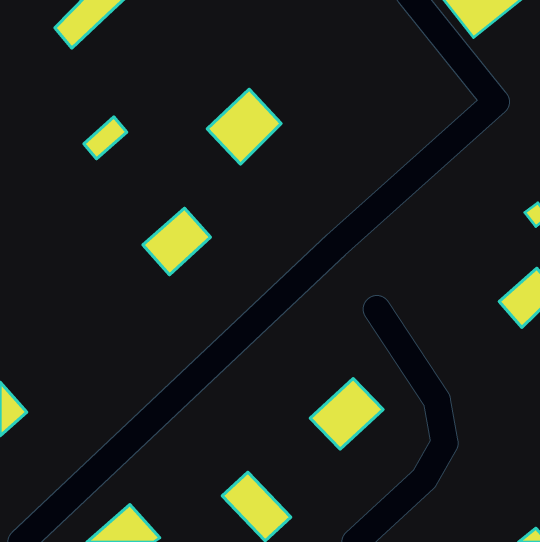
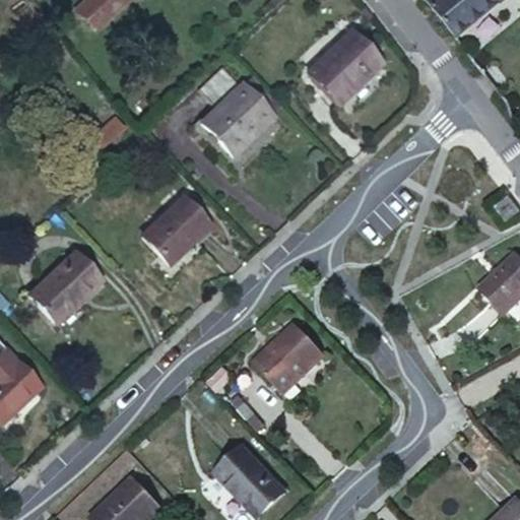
building: none -> [311,36,381,105]
building: none -> [29,254,103,319]
building: [310,378,383,449] -> [255,323,324,390]

